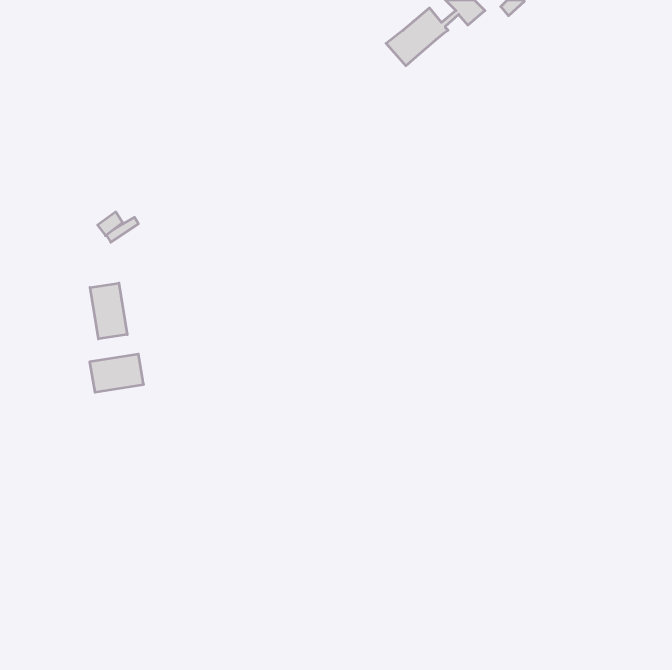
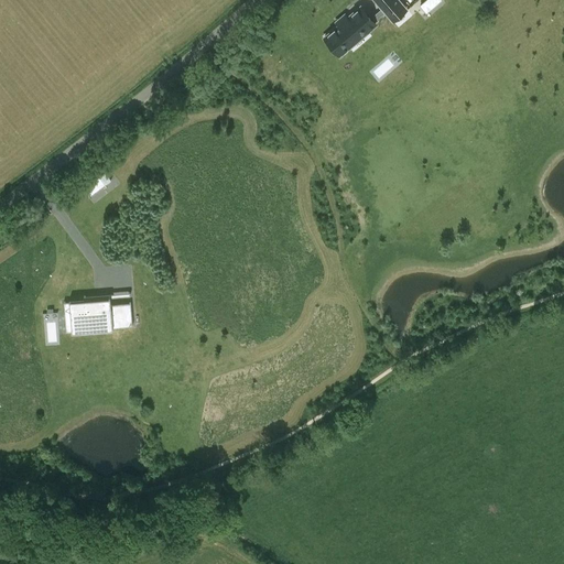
building: [90,283,127,339] -> none

